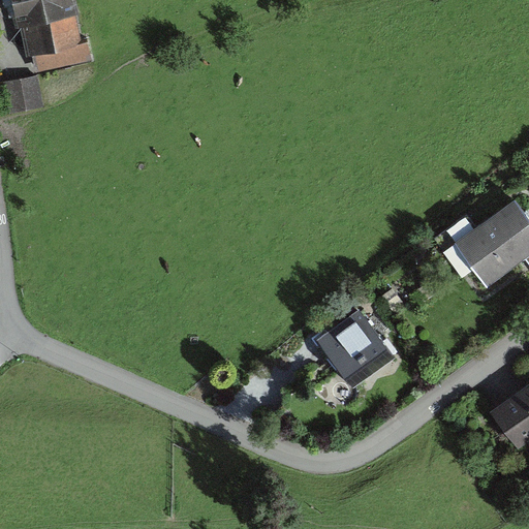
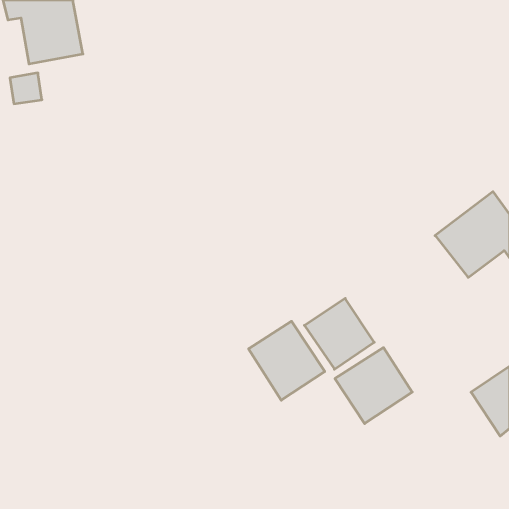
building: none -> [249,321,325,400]
building: none -> [335,348,412,424]

